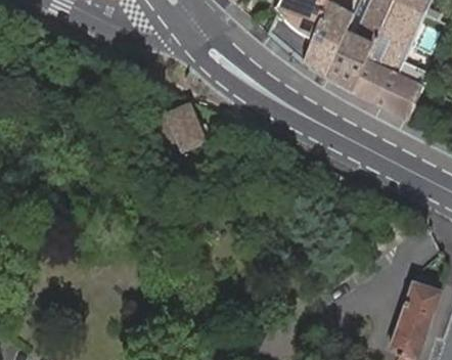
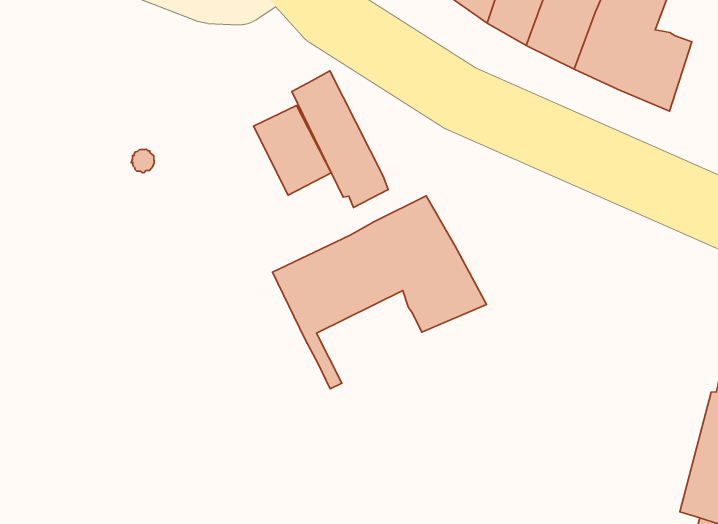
building: none -> [292,71,388,207]
building: none -> [272,196,487,389]

